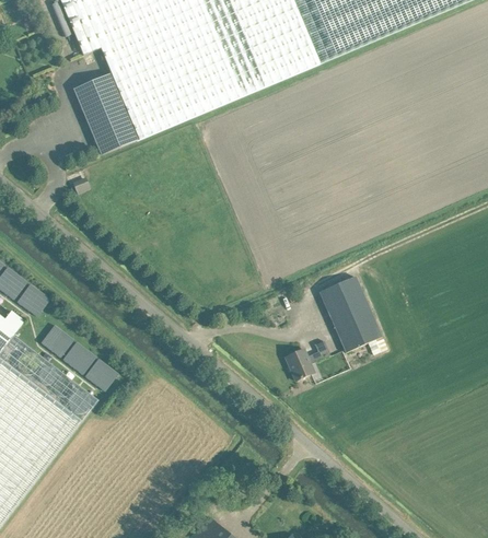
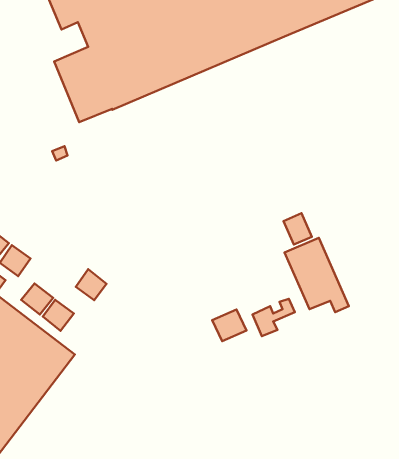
building: none -> [284,213,312,245]
building: none -> [212,309,247,341]
building: [84,358,117,390] -> [76,269,107,300]

